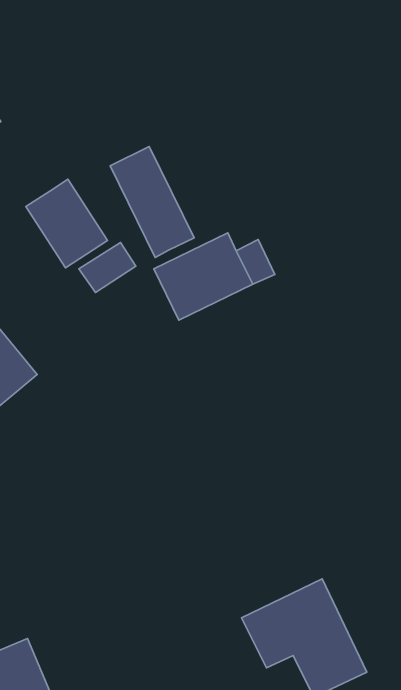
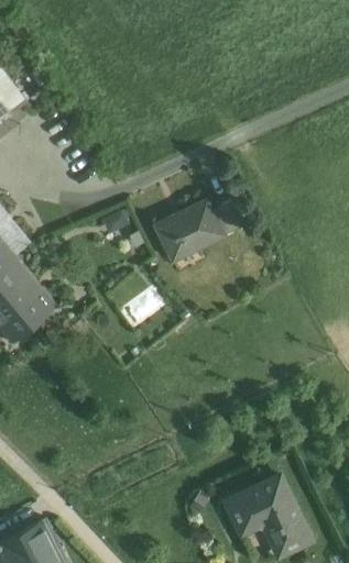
building: [110,146,194,257] -> none
building: [26,179,108,268] -> none

